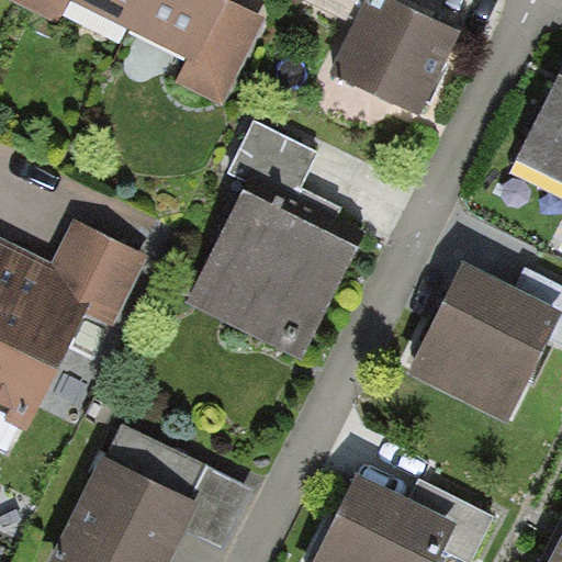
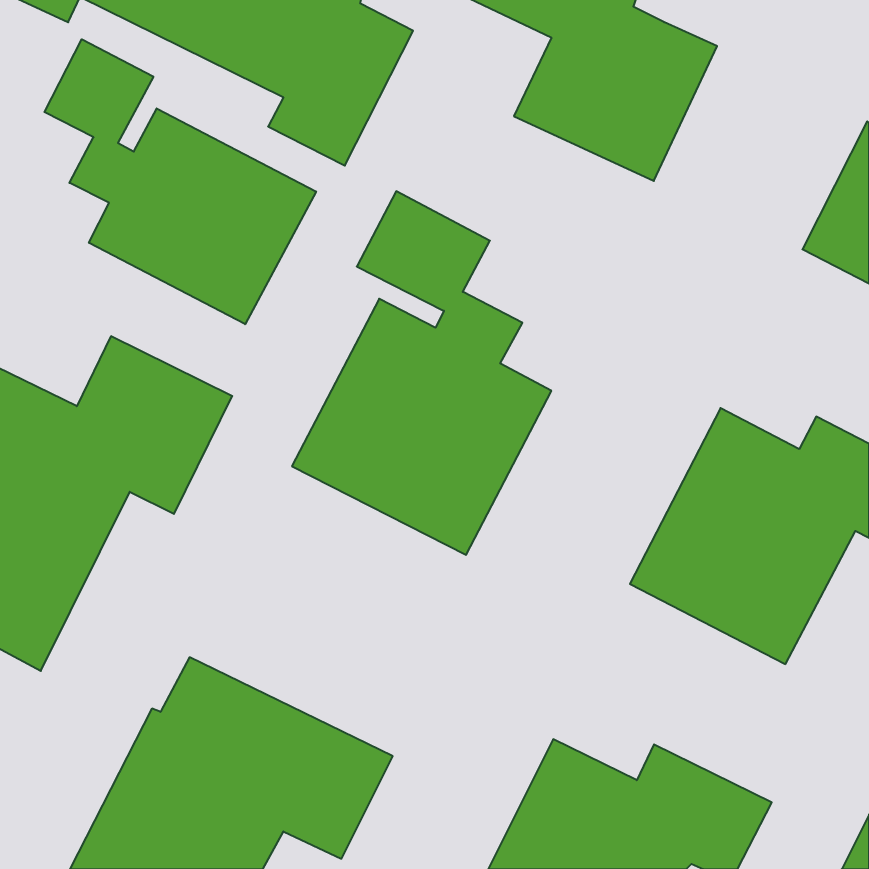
building: none -> [44,39,316,324]

